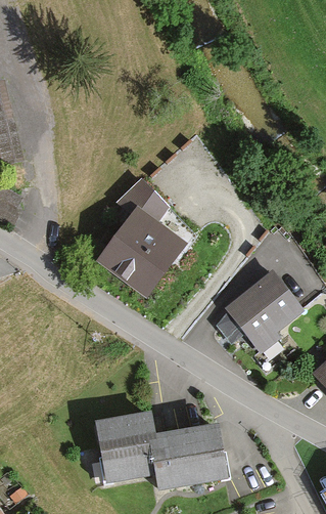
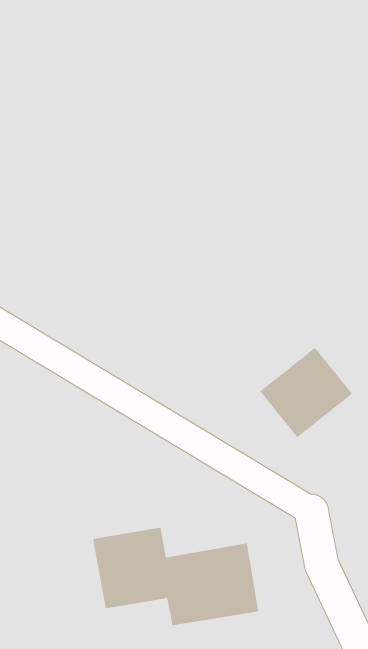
building: [100,185,197,296] -> none

